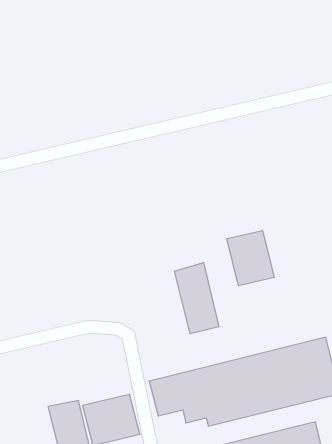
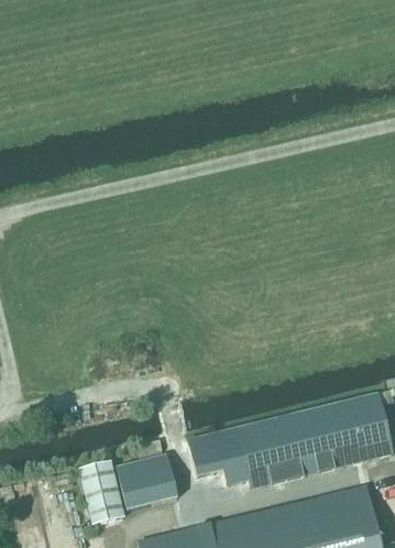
building: [227,230,274,286] -> none
building: [175,262,219,334] -> none

